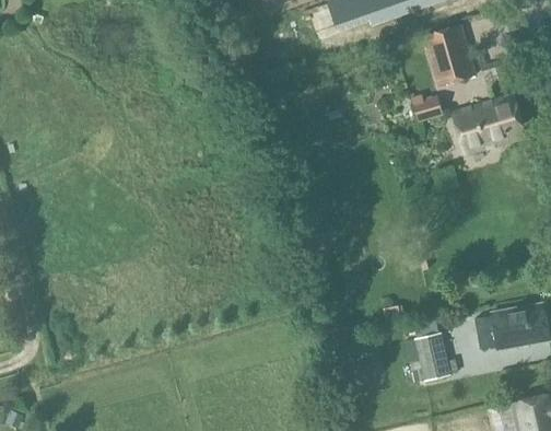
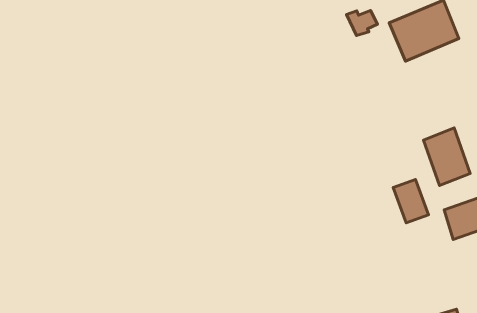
building: none -> [424,128,470,186]
building: [415,334,448,377] -> [393,179,428,223]

